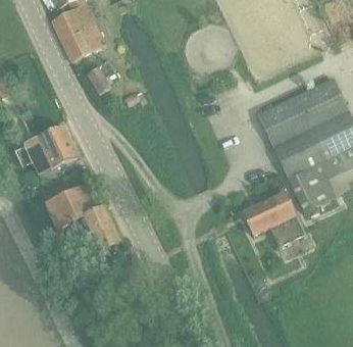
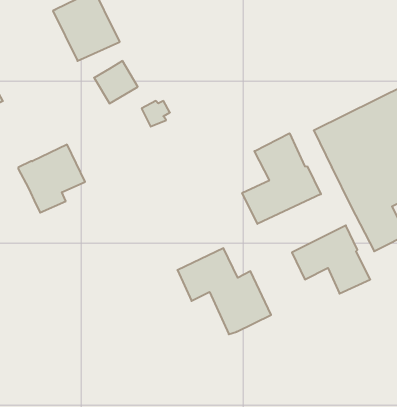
building: none -> [242,133,321,224]
building: [45,187,119,255] -> [177,248,271,334]

